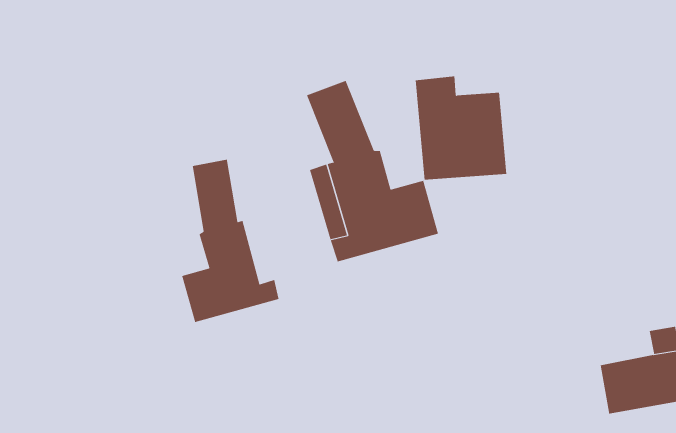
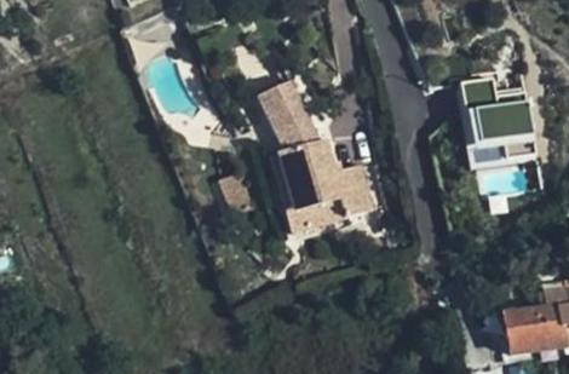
building: [415,76,507,180] -> [462,77,538,162]
building: [182,159,279,323] -> none

